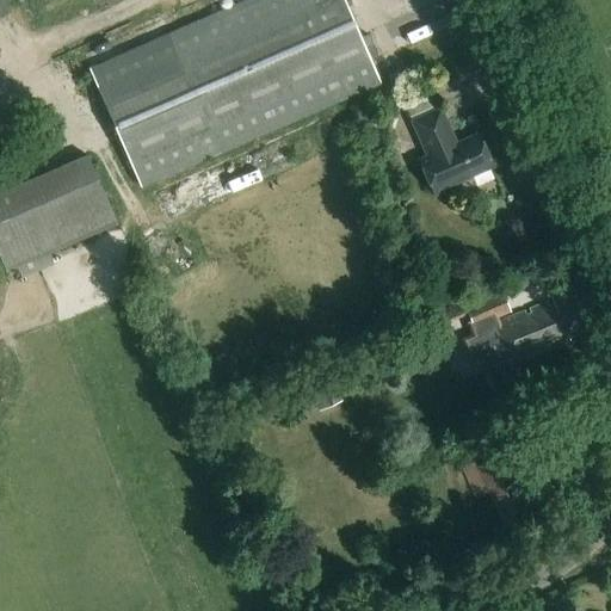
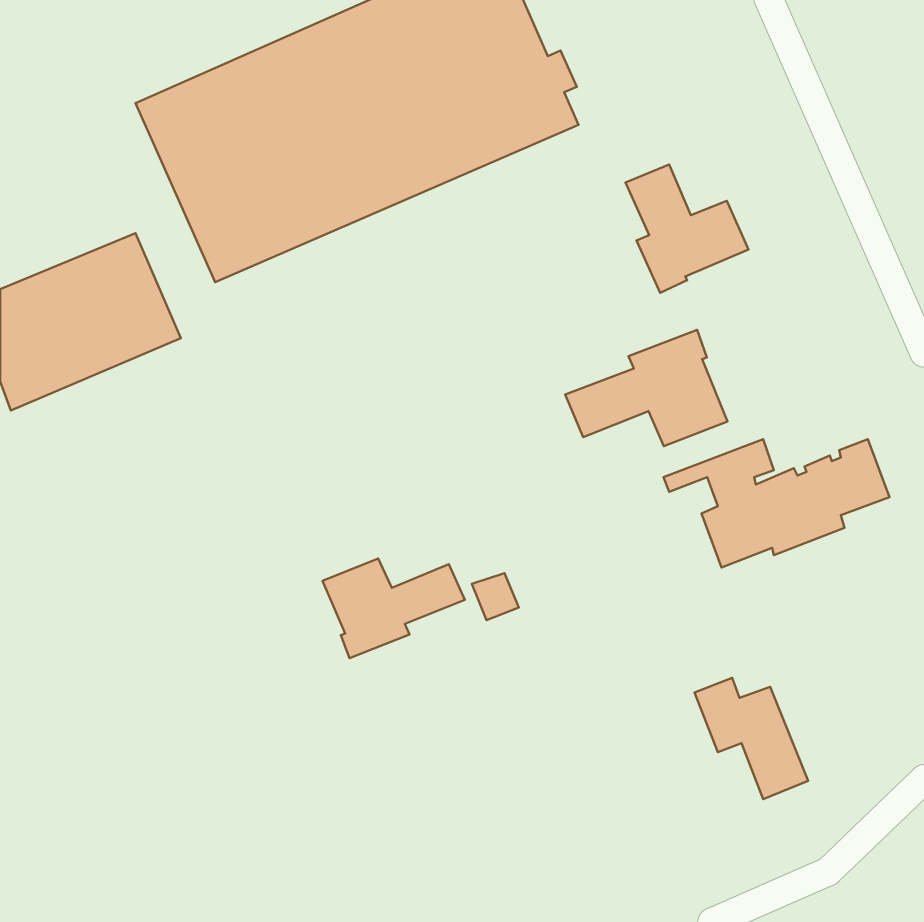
building: none -> [565,330,727,446]
building: none -> [323,558,465,658]

